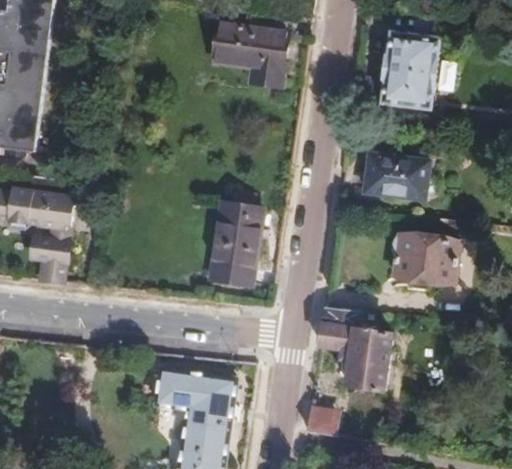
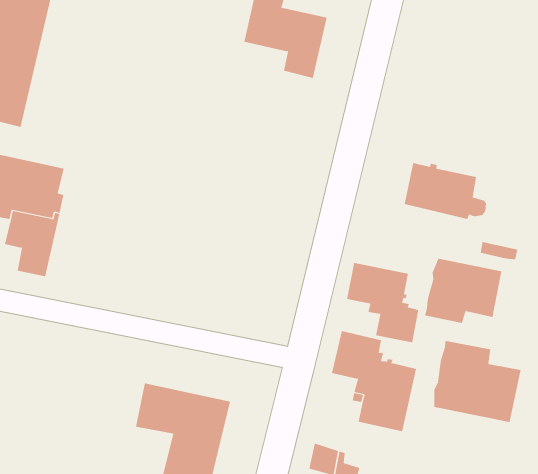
building: [385,12,447,113] -> none
building: [211,196,259,287] -> none
building: none -> [346,262,419,343]
building: none -> [434,340,521,423]

